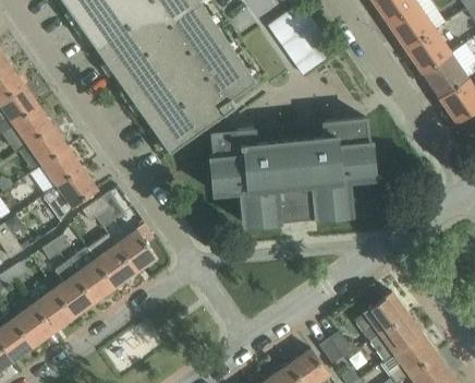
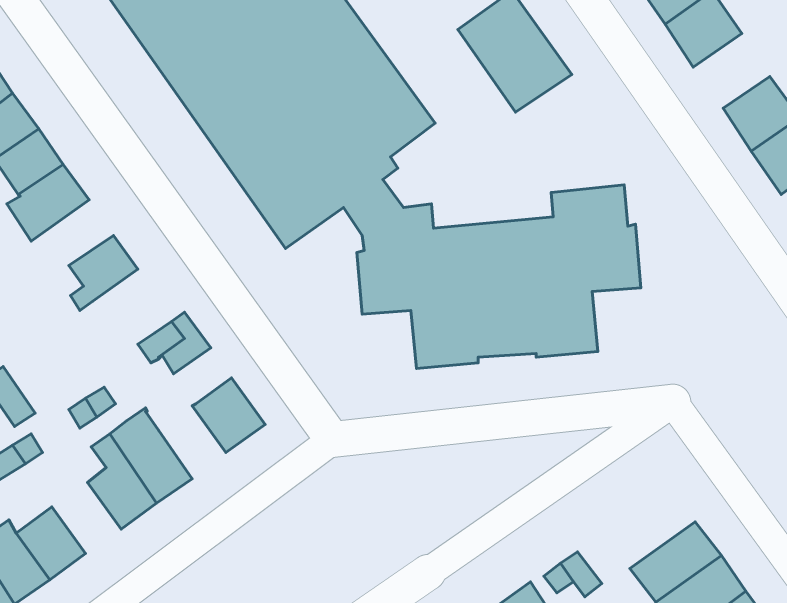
building: [406,29,451,73] -> none
building: [21,127,69,165] -> none
building: [44,167,98,222] -> none
building: [87,235,134,289] -> none
building: [33,291,73,333] -> none
building: [354,292,407,342] -> none

